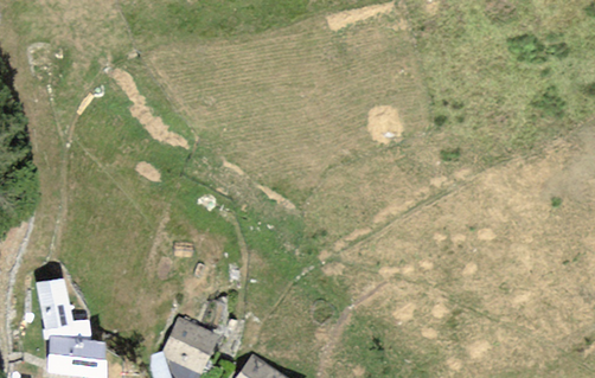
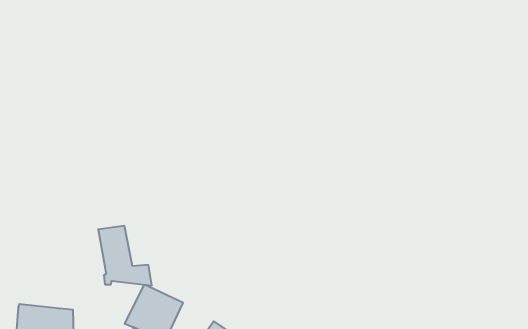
building: [36,280,91,341] -> [98,226,152,285]

